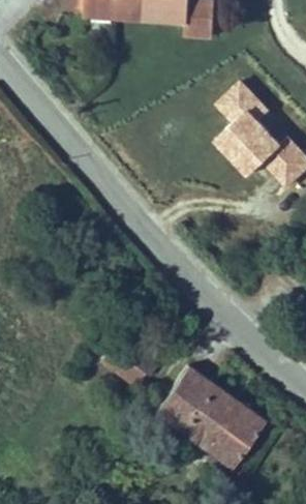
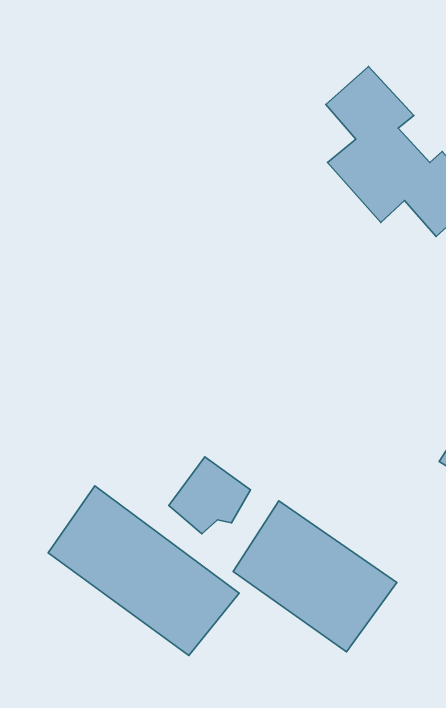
building: none -> [48,486,239,655]

